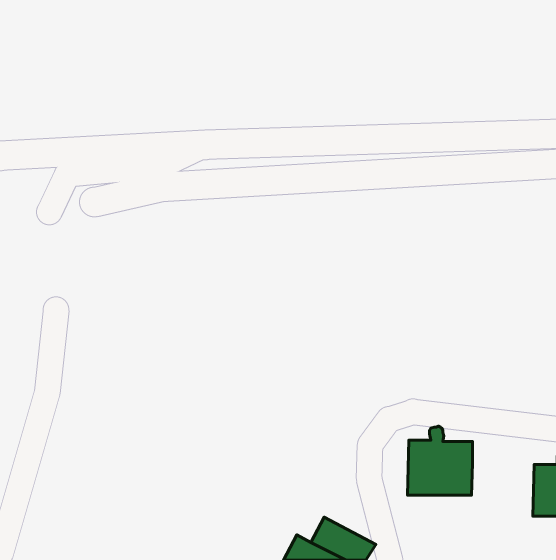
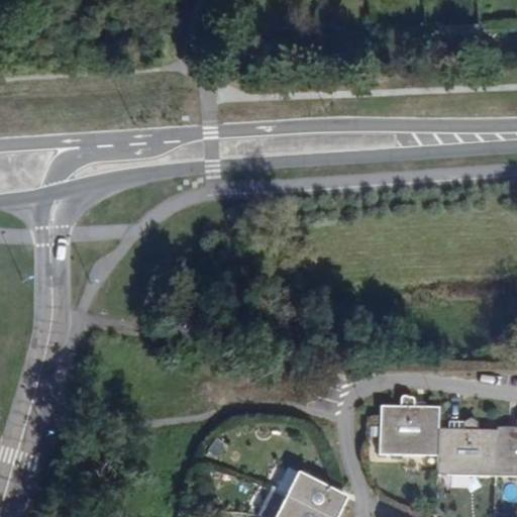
building: none -> [438,412,496,475]

